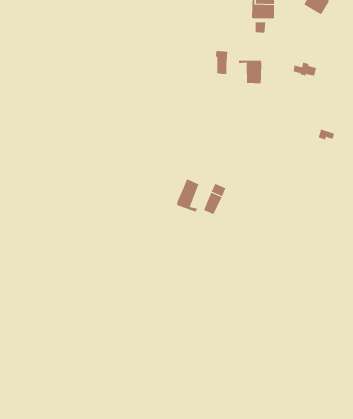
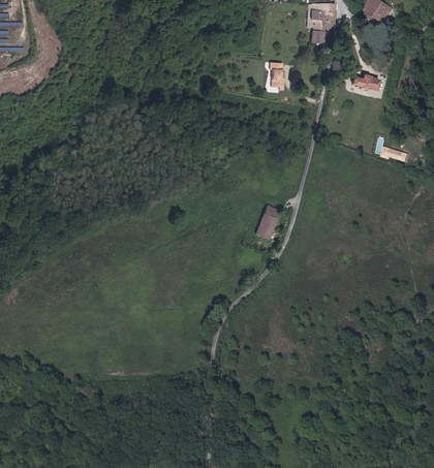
building: [238,60,262,84] -> none
building: [176,178,199,213] -> none

